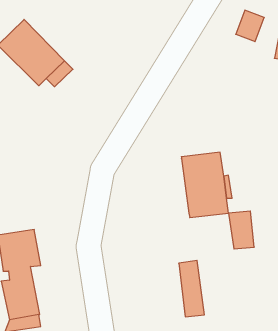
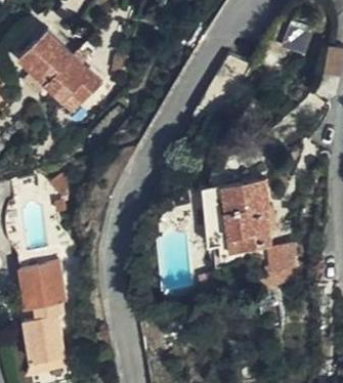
building: [179,260,204,317] -> [201,185,229,248]

